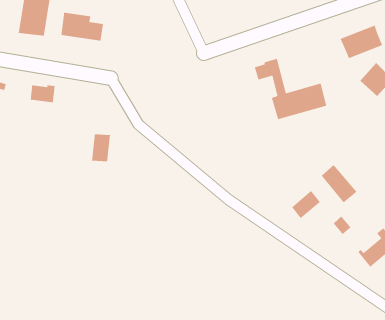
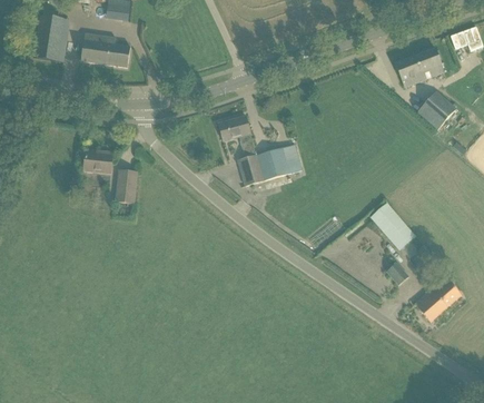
building: [254,58,327,120] -> [219,116,302,186]
building: [30,84,55,103] -> [83,151,112,173]
building: [291,190,321,219] -> none

